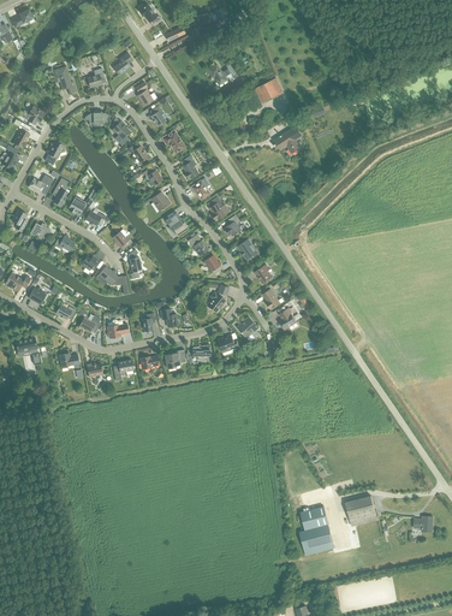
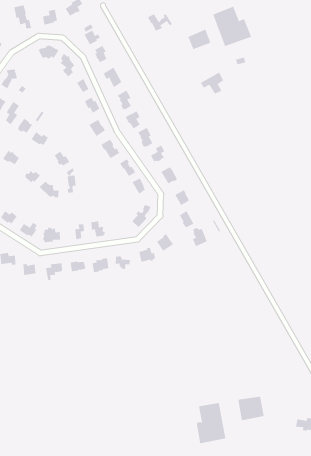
building: none -> [213,6,252,47]

